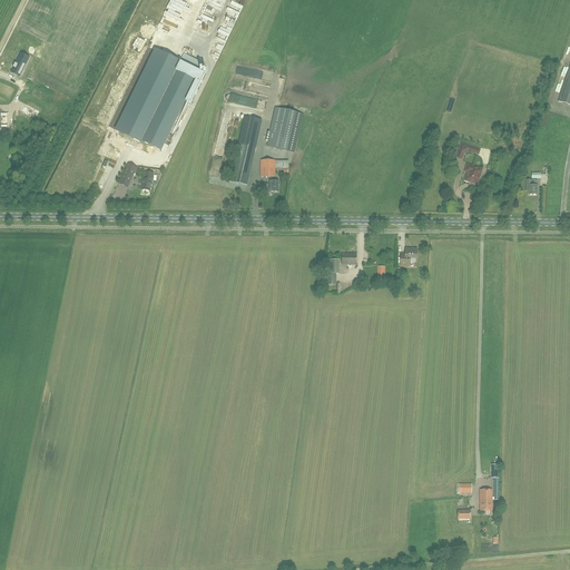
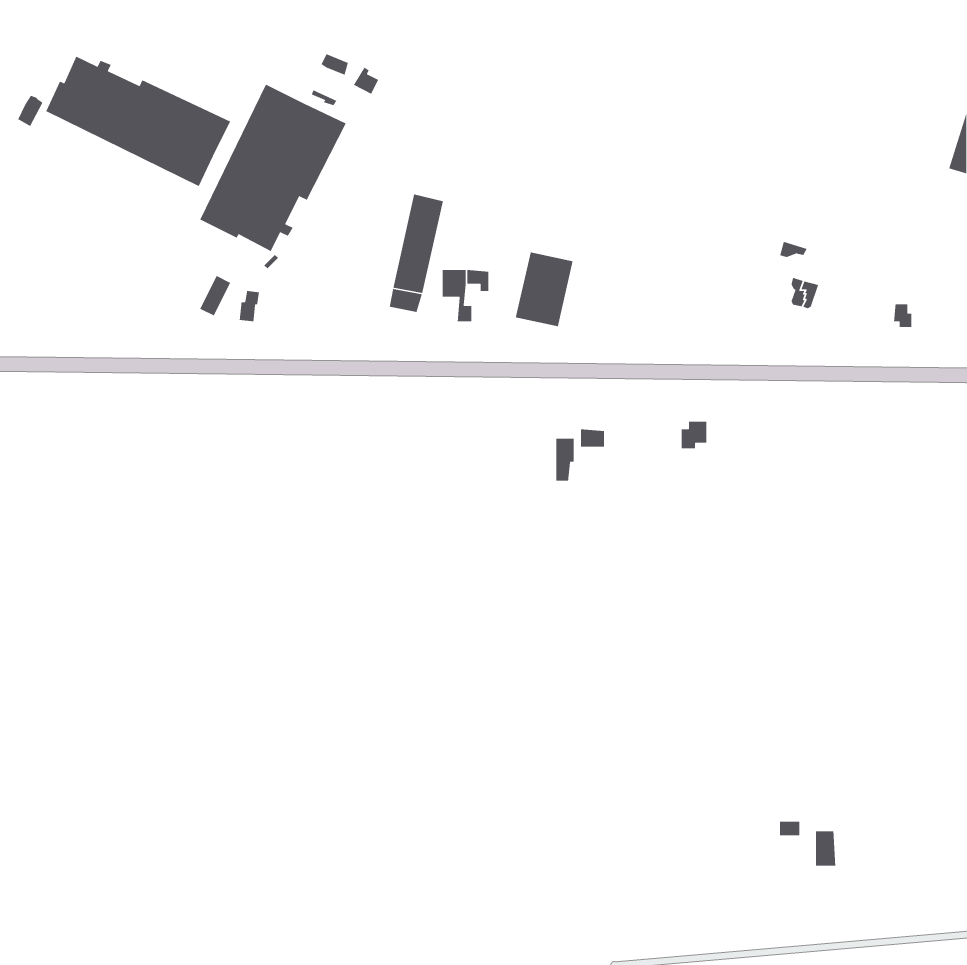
building: none -> [45,56,231,187]
building: [266,106,301,150] -> [515,251,574,327]

